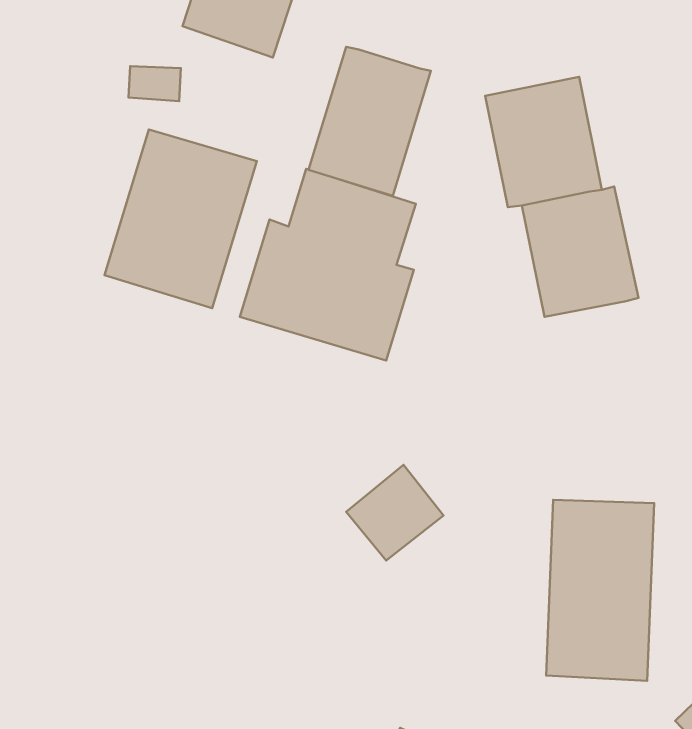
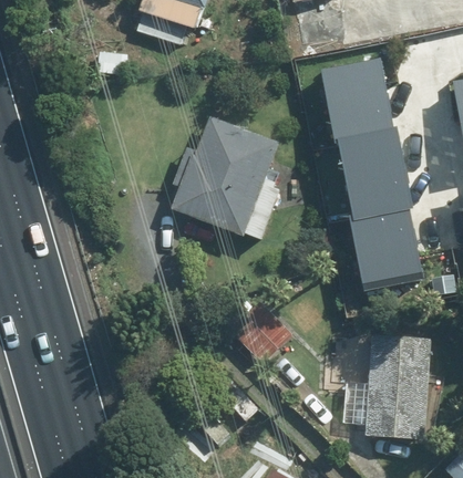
building: [309,47,431,196] -> none
building: [105,129,257,308] -> none
building: none -> [352,202,426,284]

